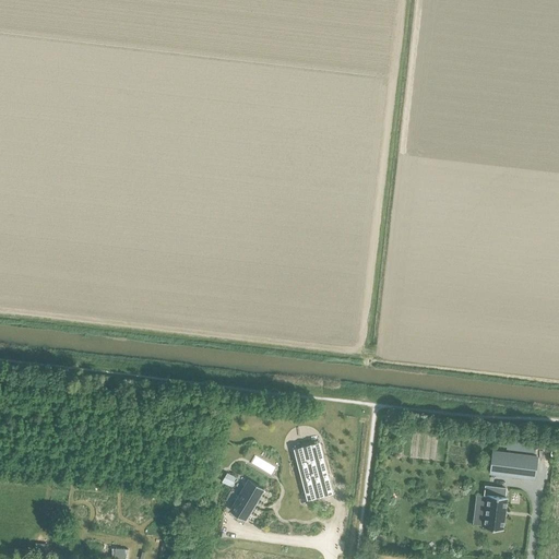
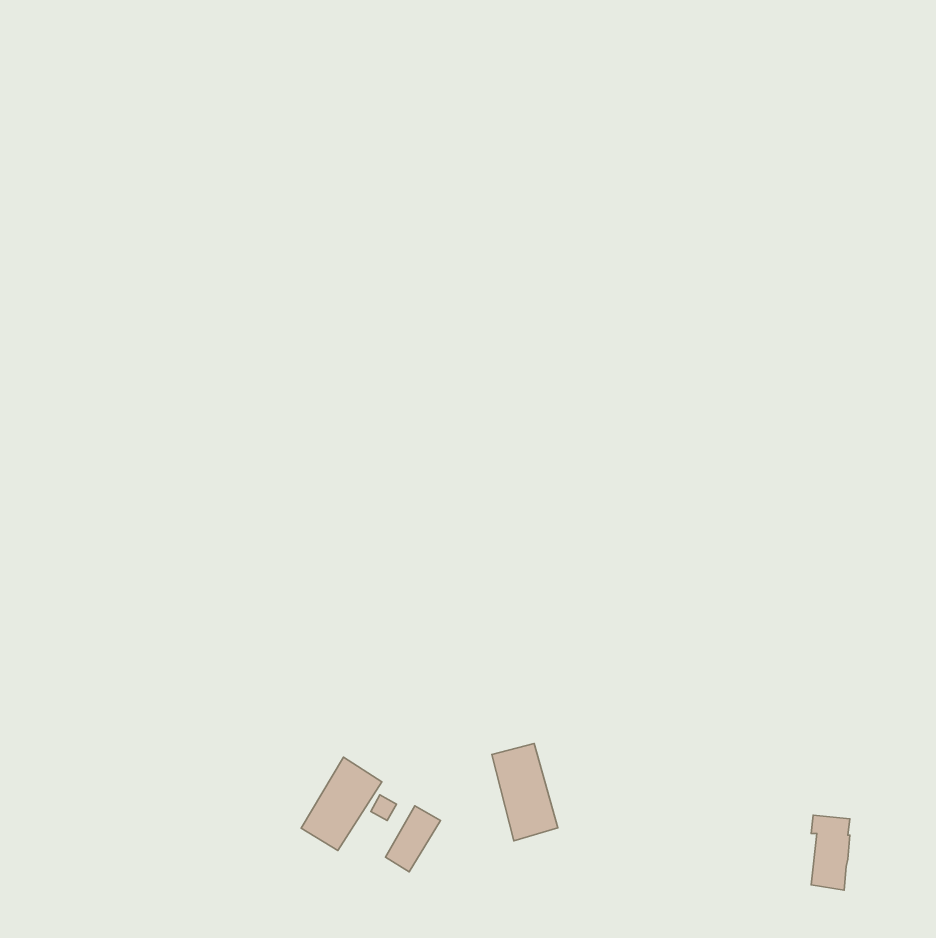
building: [489,450,536,478] -> none
building: none -> [301,757,382,851]

